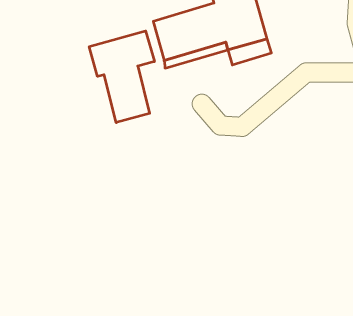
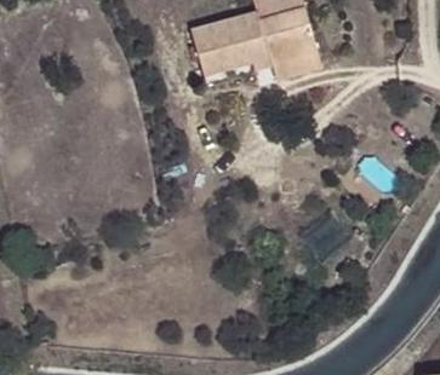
building: [89,31,154,123] -> none

